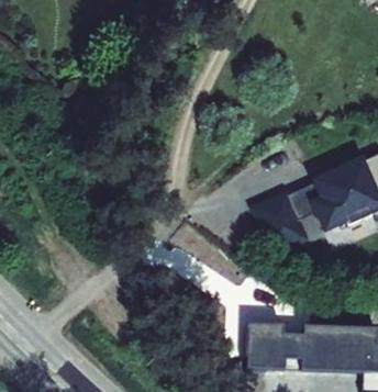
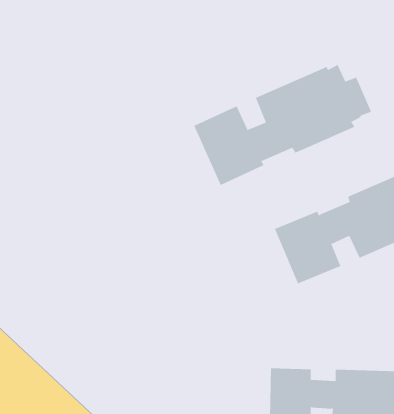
building: none -> [193,64,372,186]

